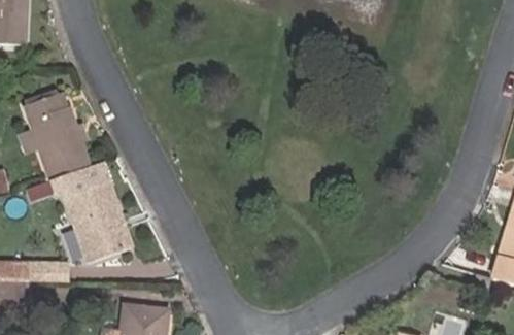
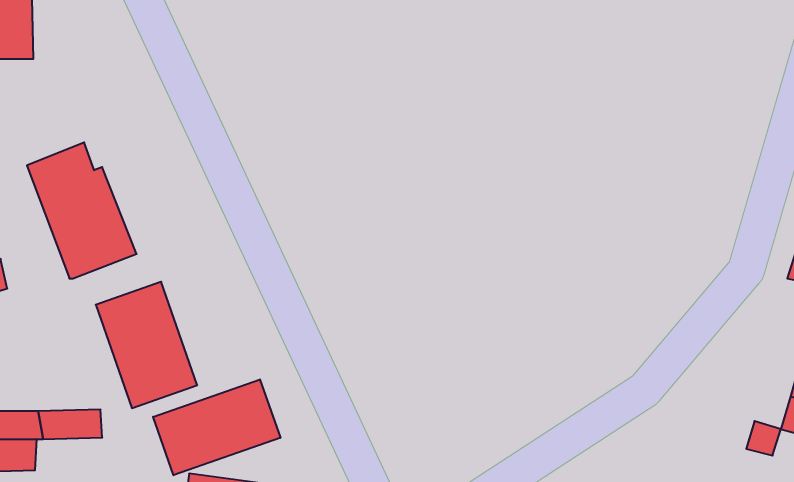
building: [49,162,105,197] -> none
building: none -> [153,379,280,475]

